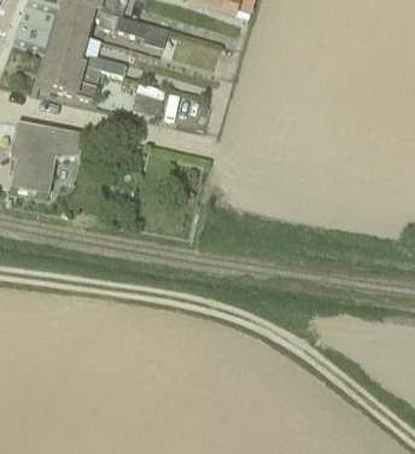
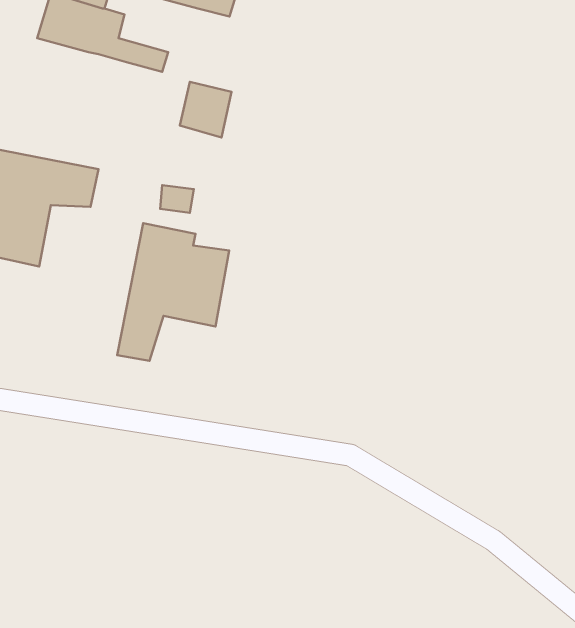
building: [37,54,100,99] -> none
building: none -> [117,223,229,361]

